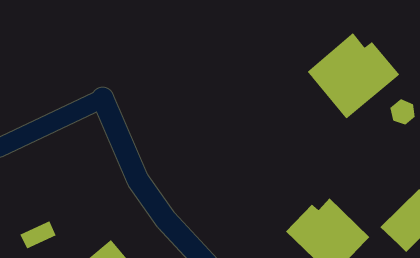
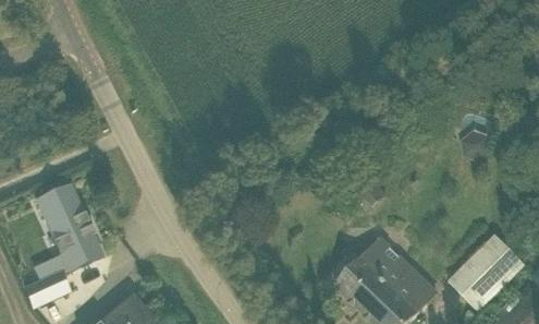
building: [307,32,400,120] -> none
building: none -> [36,182,101,268]

